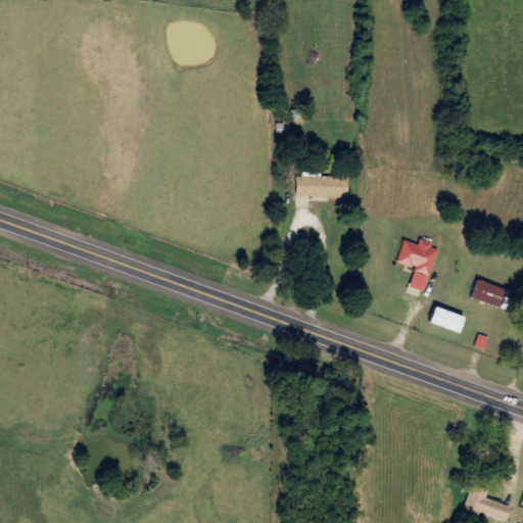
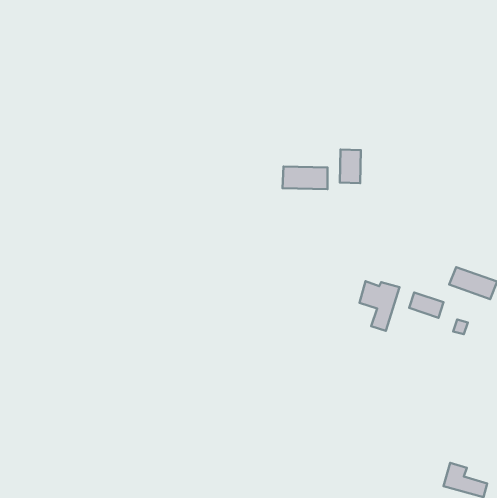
building: none -> [340,149,361,183]
building: [397,240,439,292] -> [360,281,400,331]

